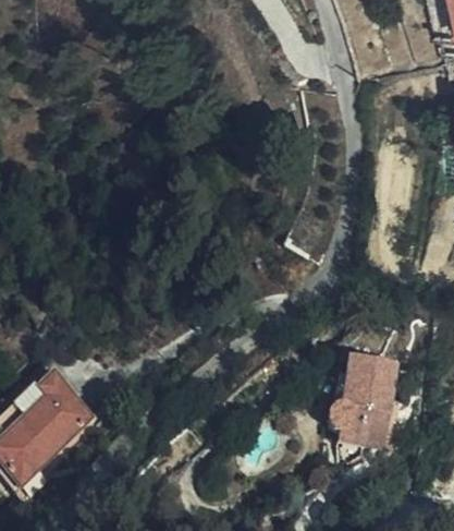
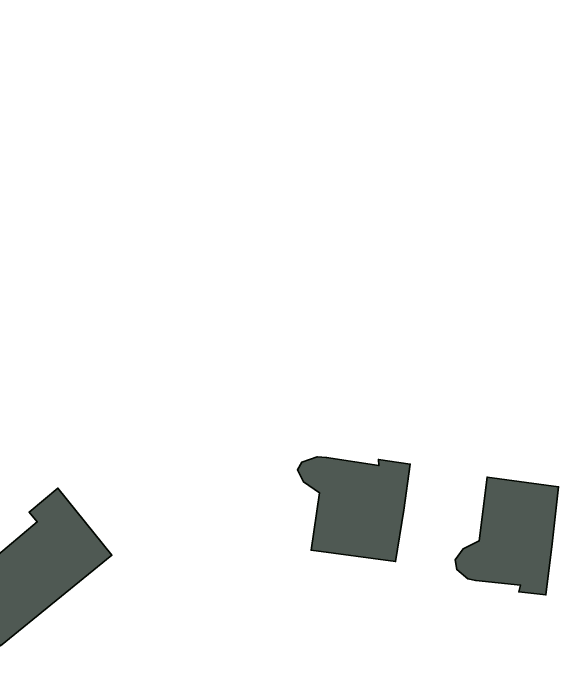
building: none -> [297,457,410,561]

